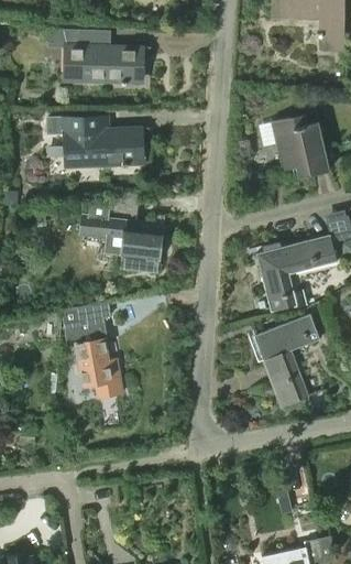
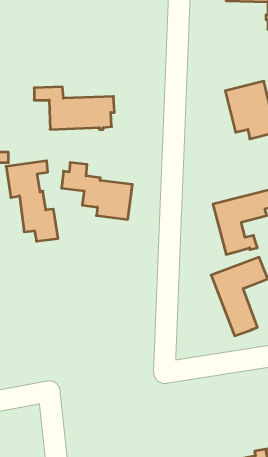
building: [51,30,142,84] -> none
building: [62,302,122,395] -> [6,161,58,241]

